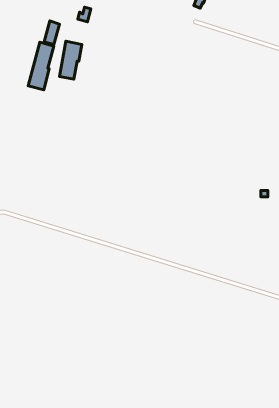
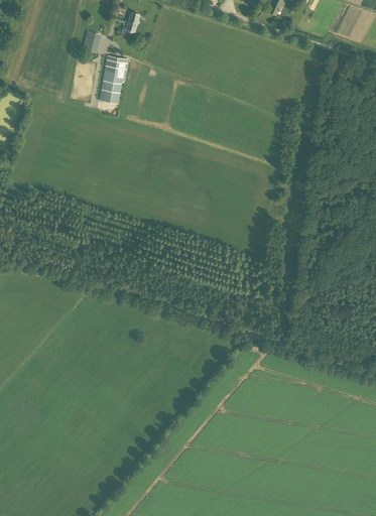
building: [28,42,54,90] -> none

